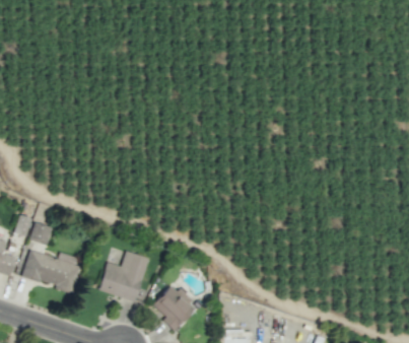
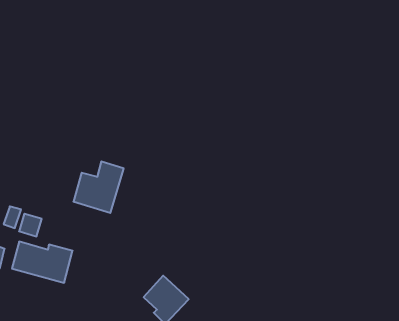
building: [98,251,148,301] -> [73,161,124,213]

